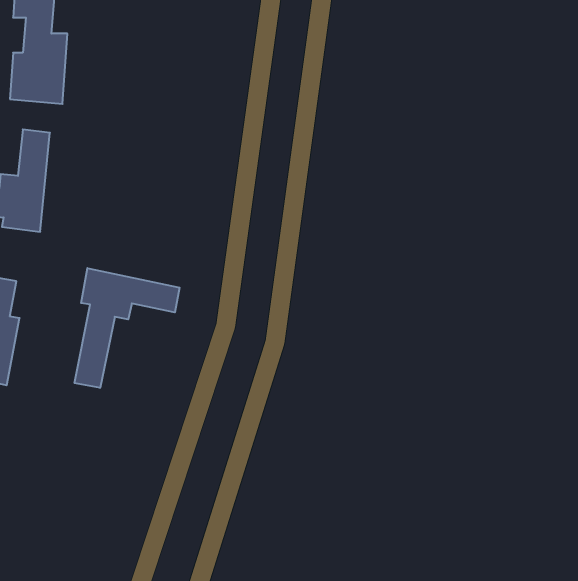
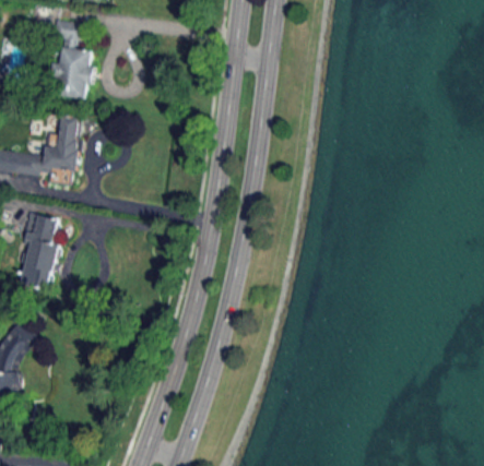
building: [75,268,180,388] -> none

